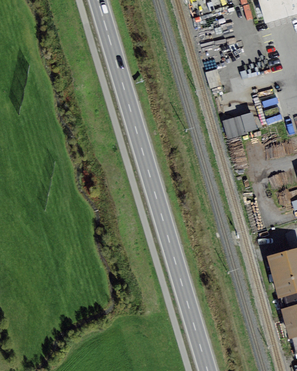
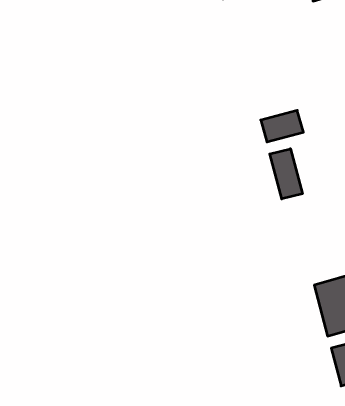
building: none -> [270,149,302,199]

